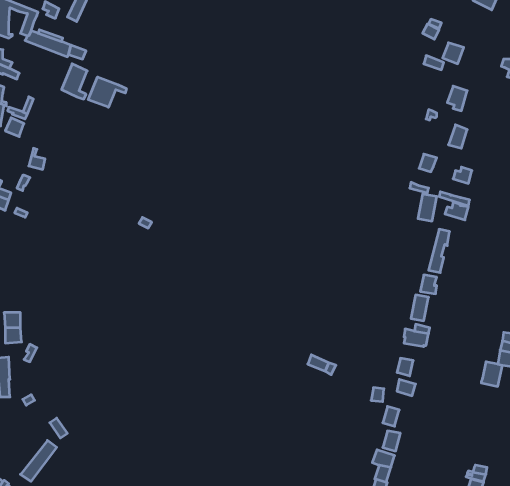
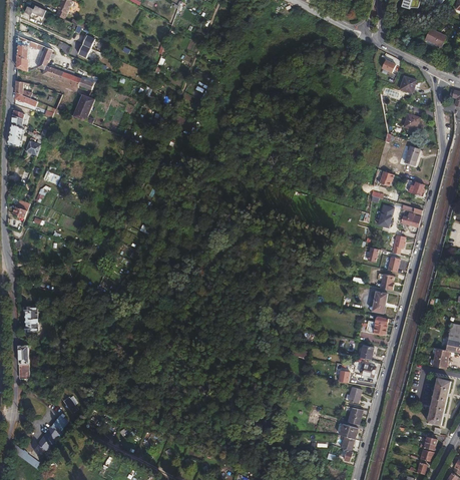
building: [88,77,126,107] -> none
building: none -> [427,377,450,425]

